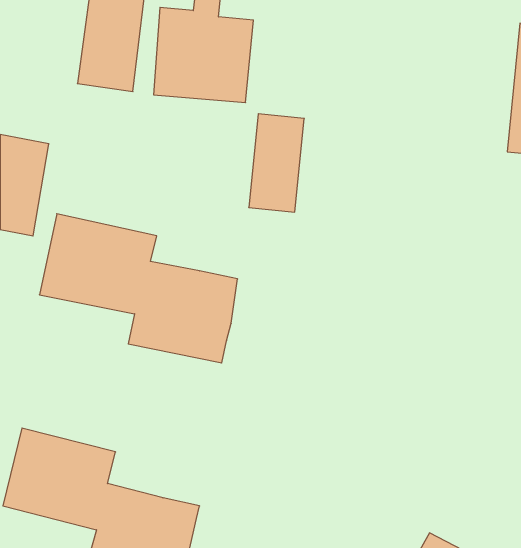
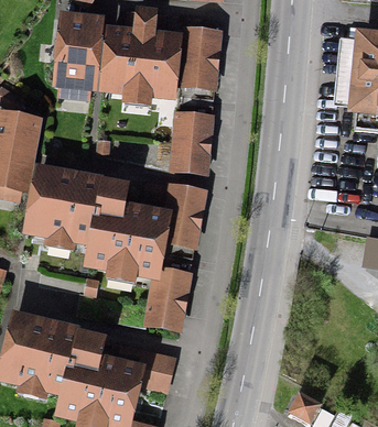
building: none -> [182,29,218,96]
building: none -> [161,186,203,252]
building: none -> [144,259,192,328]
building: none -> [137,351,173,388]

